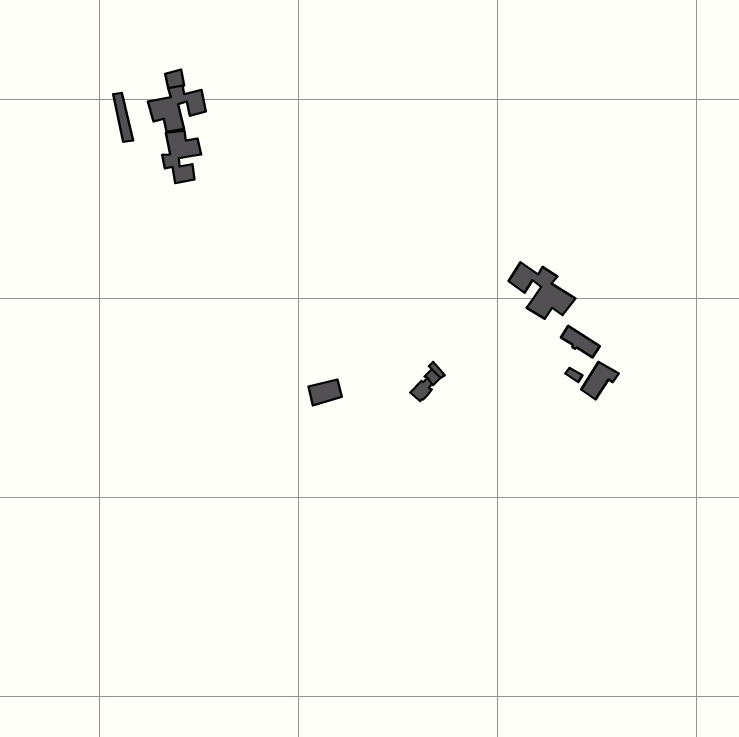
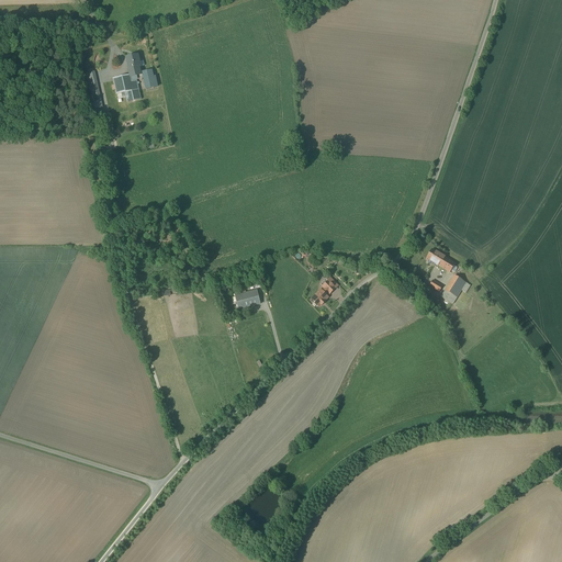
building: [162,131,201,183] -> none
building: [508,262,576,319] -> none

